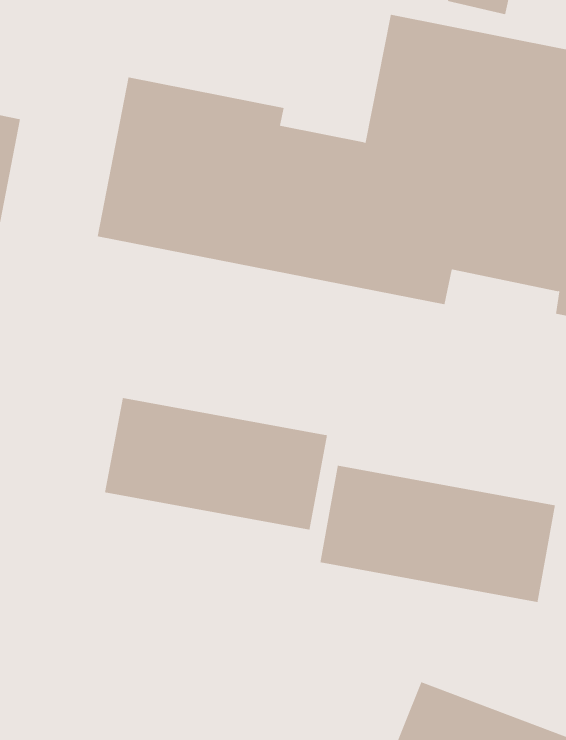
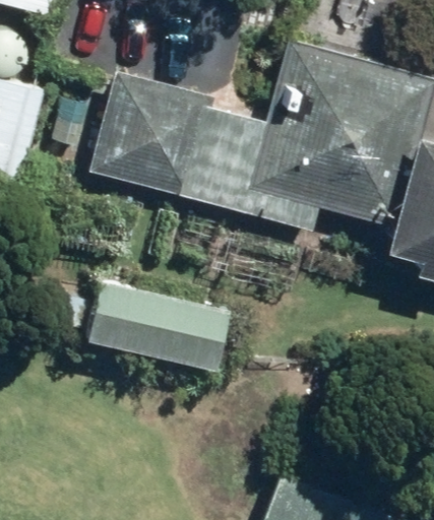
building: [320,465,555,603] -> none

